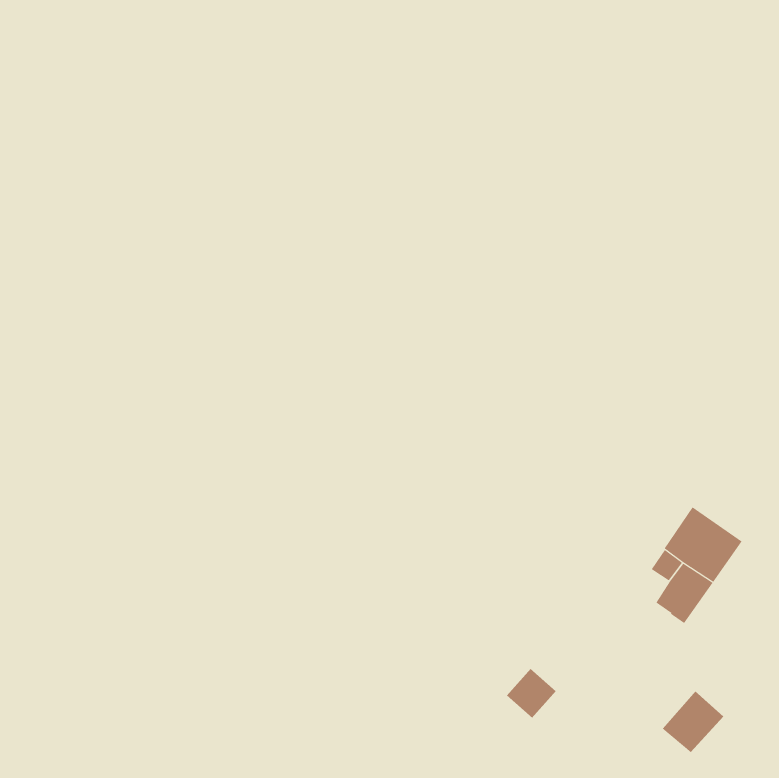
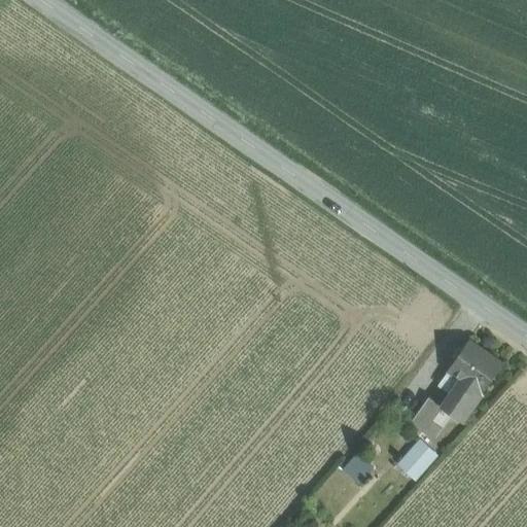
building: none -> [413,397,453,437]
building: [662,690,724,753] -> [396,438,438,481]

